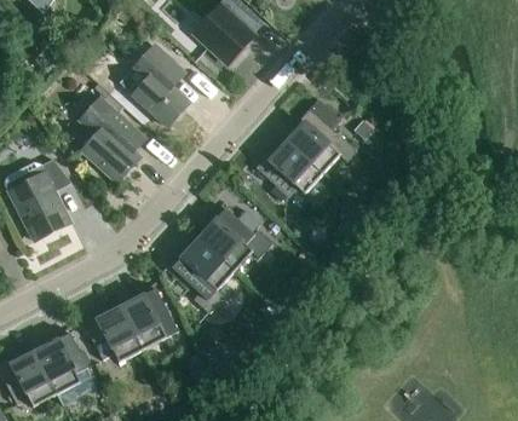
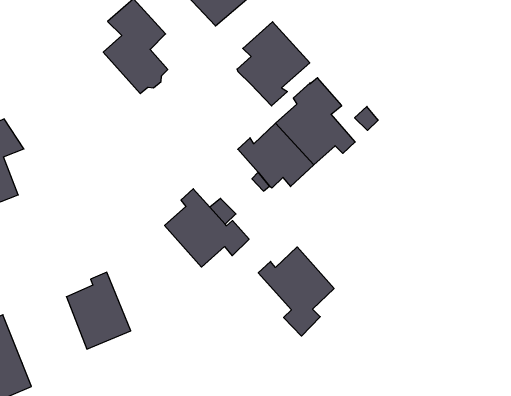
building: none -> [237,22,310,106]
building: [79,96,146,183] -> none
building: [167,237,234,313] -> [258,247,334,336]
building: [81,306,142,362] -> none

